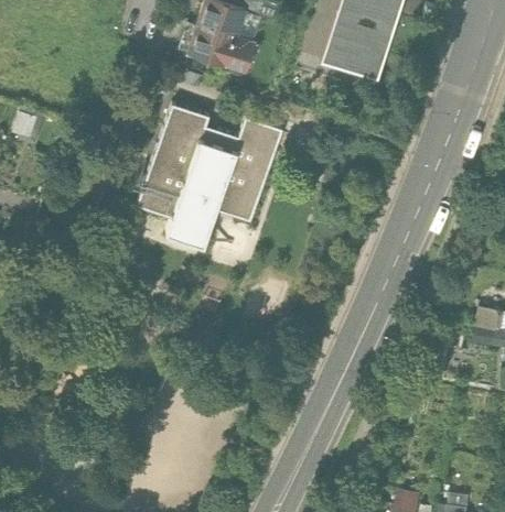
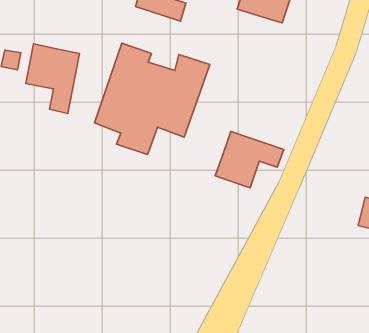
building: none -> [26,44,80,113]
building: none -> [215,132,284,188]

